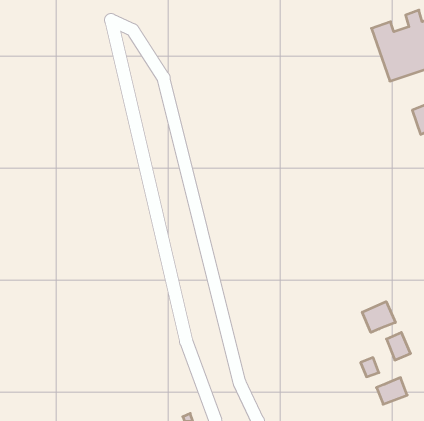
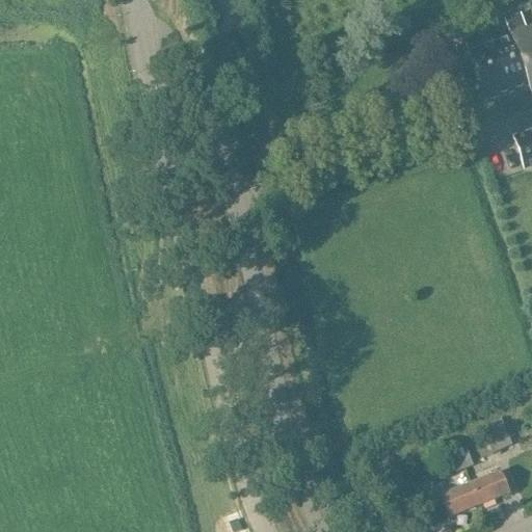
building: [362,302,395,332] -> none
building: none -> [443,482,480,515]

